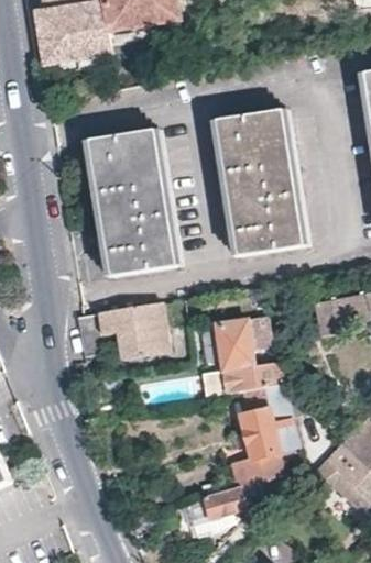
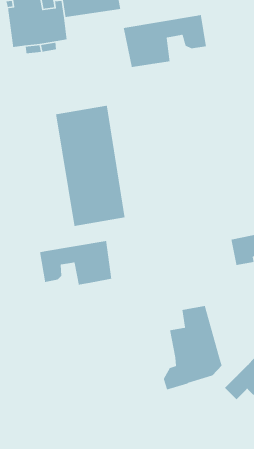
building: none -> [123,14,207,68]
building: [219,112,309,262] -> none
building: [198,313,280,395] -> none
building: [204,477,263,516] -> none

